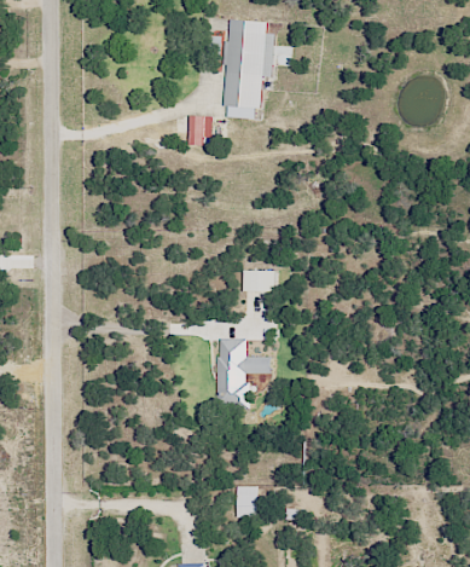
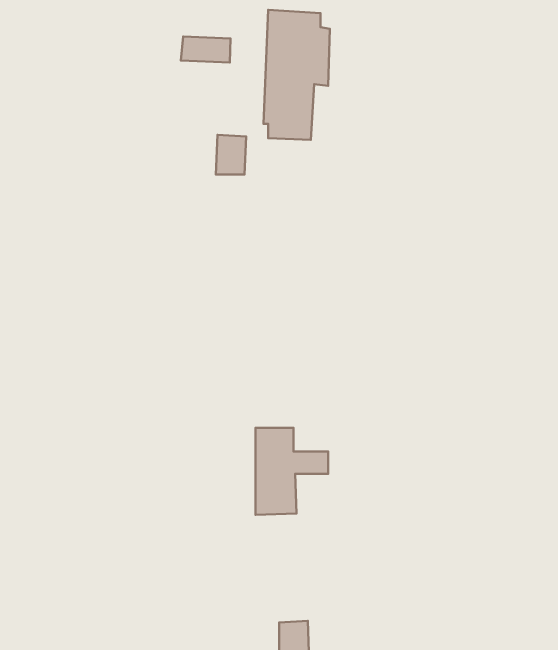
building: none -> [181,36,230,63]
building: [243,270,275,291] -> none

